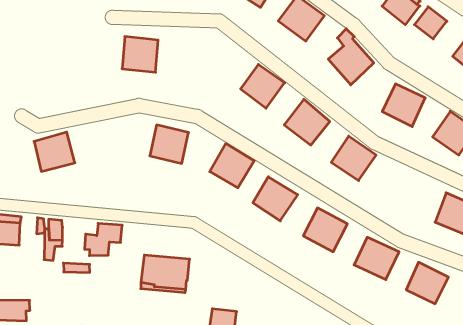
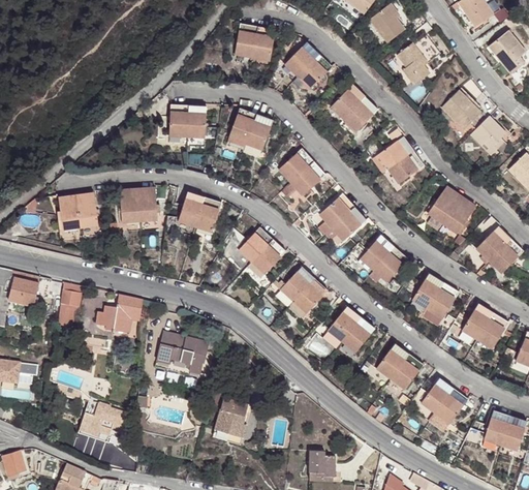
building: none -> [226,119,270,161]
building: none -> [122,189,159,226]
building: none -> [415,277,462,324]

